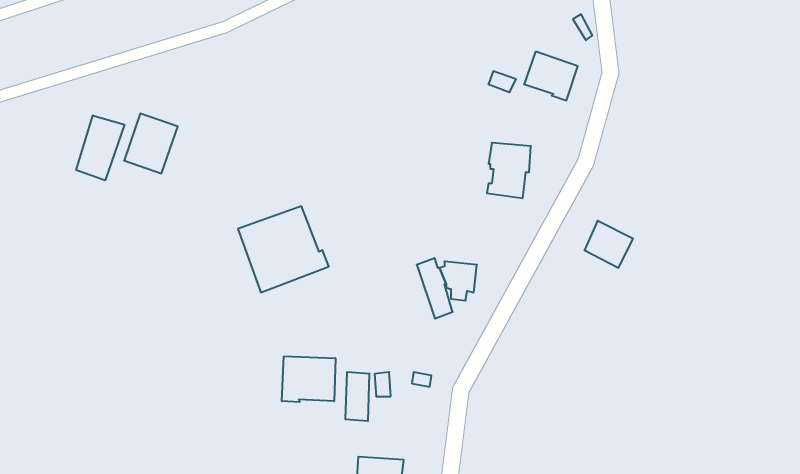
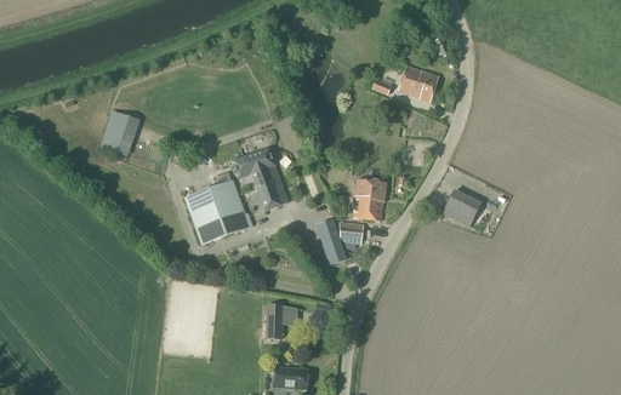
building: [76,115,124,180] -> none
building: [487,143,531,198] -> [354,179,387,221]
building: none -> [233,148,289,212]
building: [282,356,335,402] -> none

